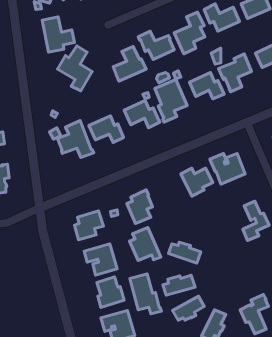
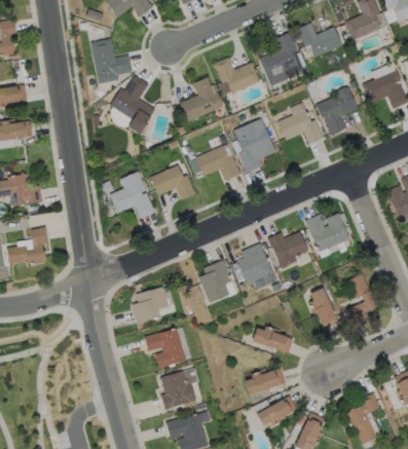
building: none -> [309,287,338,328]
building: [129,228,161,261] -> [236,242,276,285]
building: [130,274,162,314] -> none

